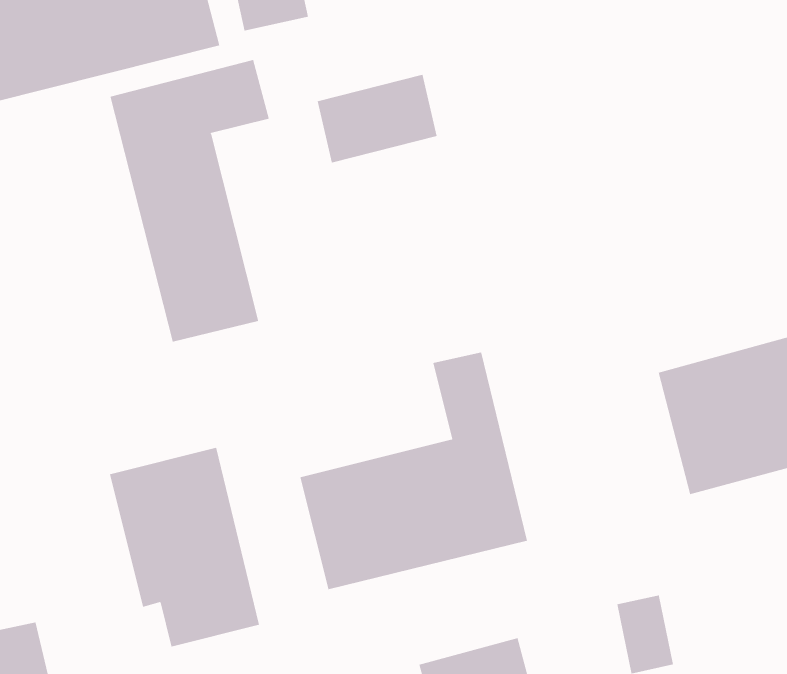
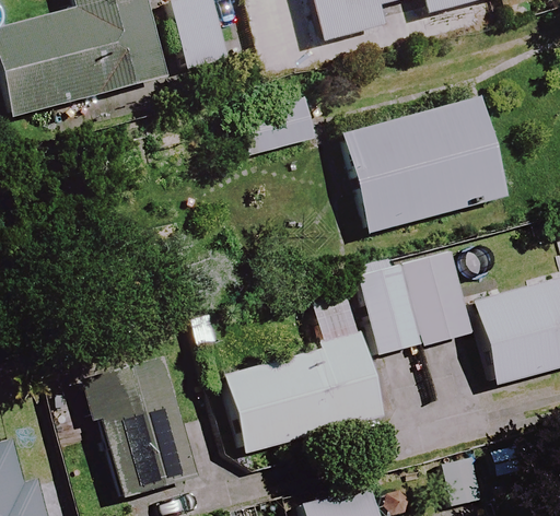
building: [110,59,270,342] -> none
building: none -> [341,98,508,235]
building: none -> [355,246,471,353]

